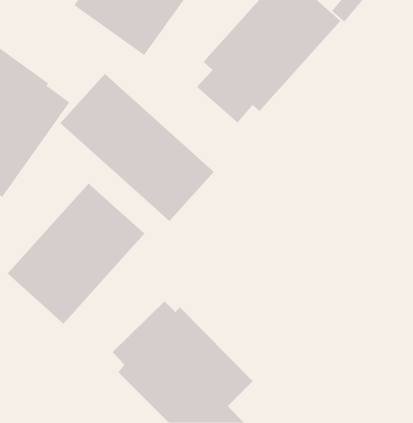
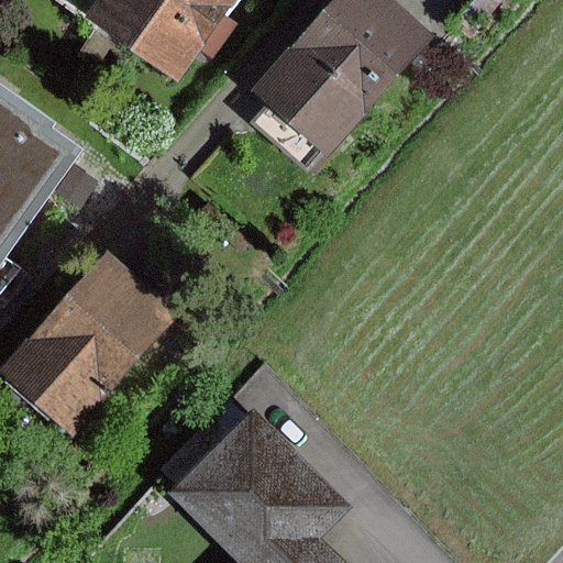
building: [60,73,215,222] -> none

